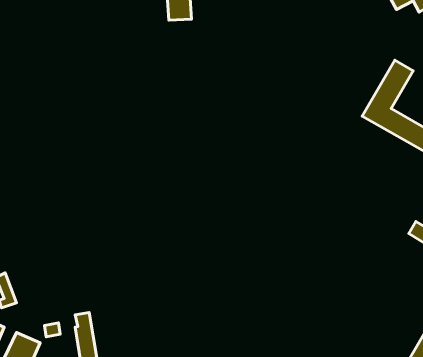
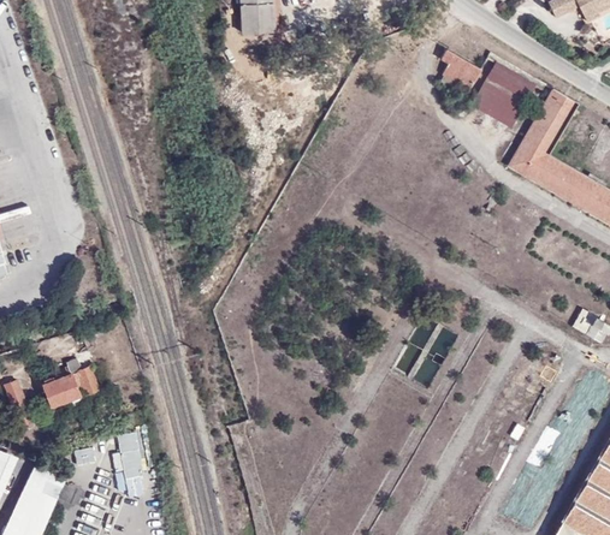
building: none -> [442,48,482,90]
building: none -> [488,61,535,100]
building: none -> [470,82,523,130]
building: none -> [40,365,100,415]

